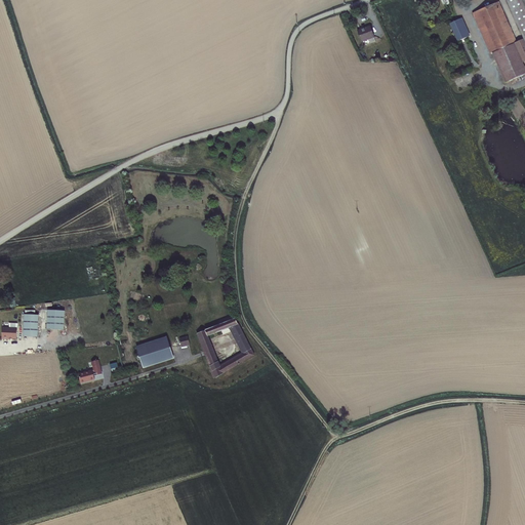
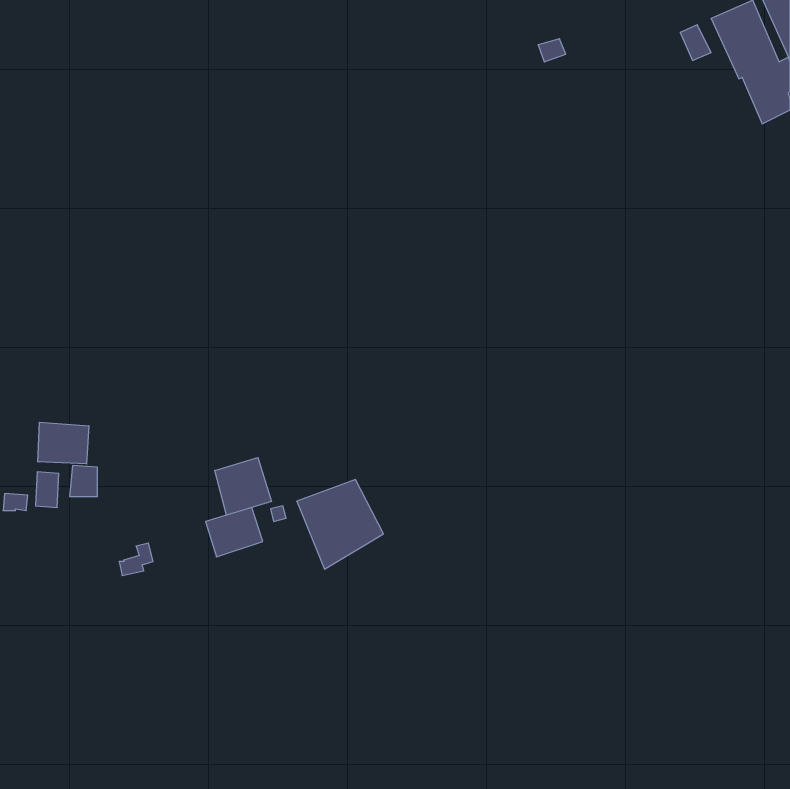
building: none -> [38,422,89,464]
building: none -> [215,458,271,515]

